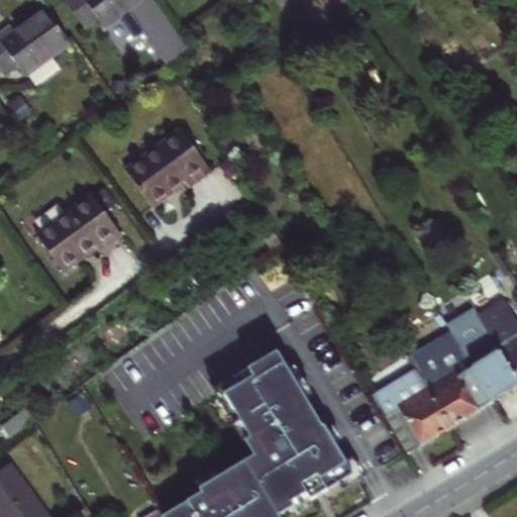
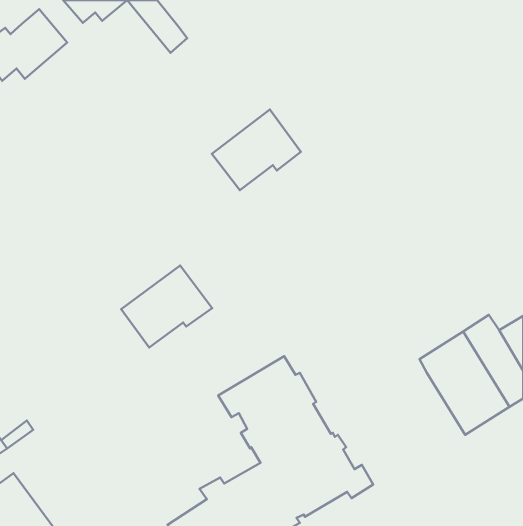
building: [117,118,204,197] -> [212,109,301,190]
building: [24,189,113,269] -> [121,266,212,347]
building: [375,367,454,453] -> none

